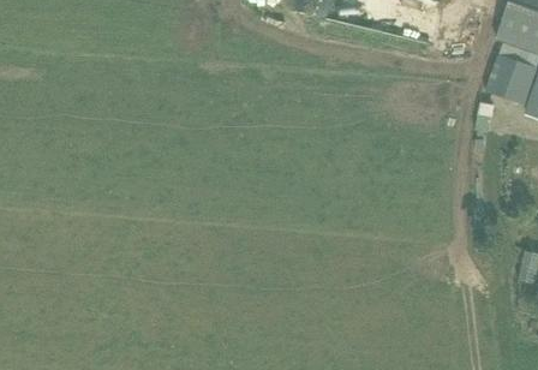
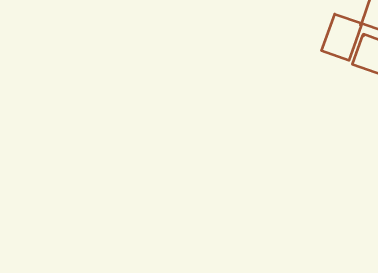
building: none -> [322,14,362,60]

